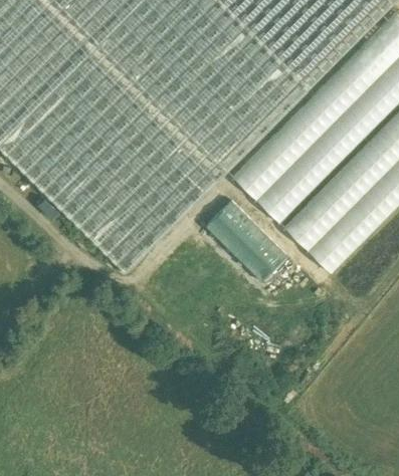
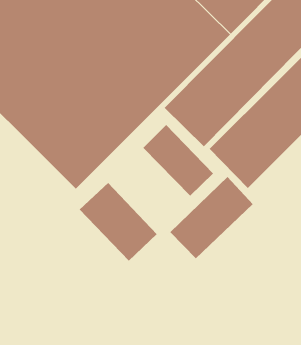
building: none -> [170,176,253,259]
building: none -> [79,182,157,262]

